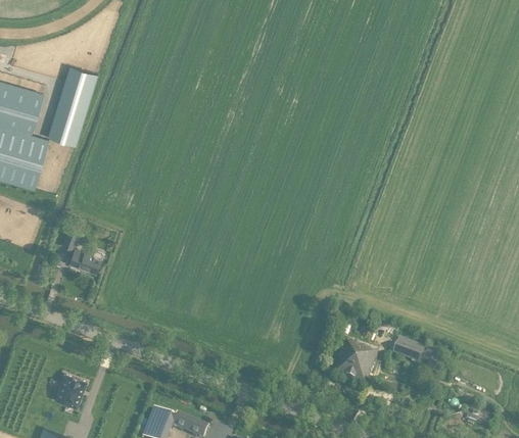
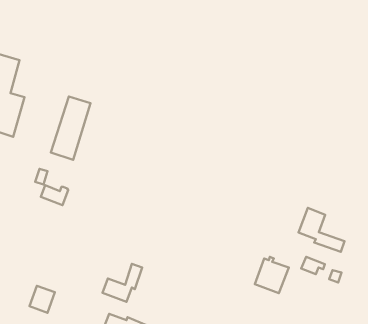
building: [47,66,96,145] -> [51,97,90,160]
building: none -> [298,208,345,252]
building: none -> [103,264,142,302]

